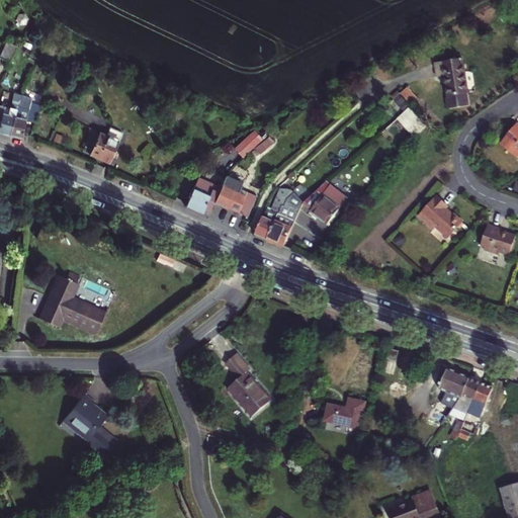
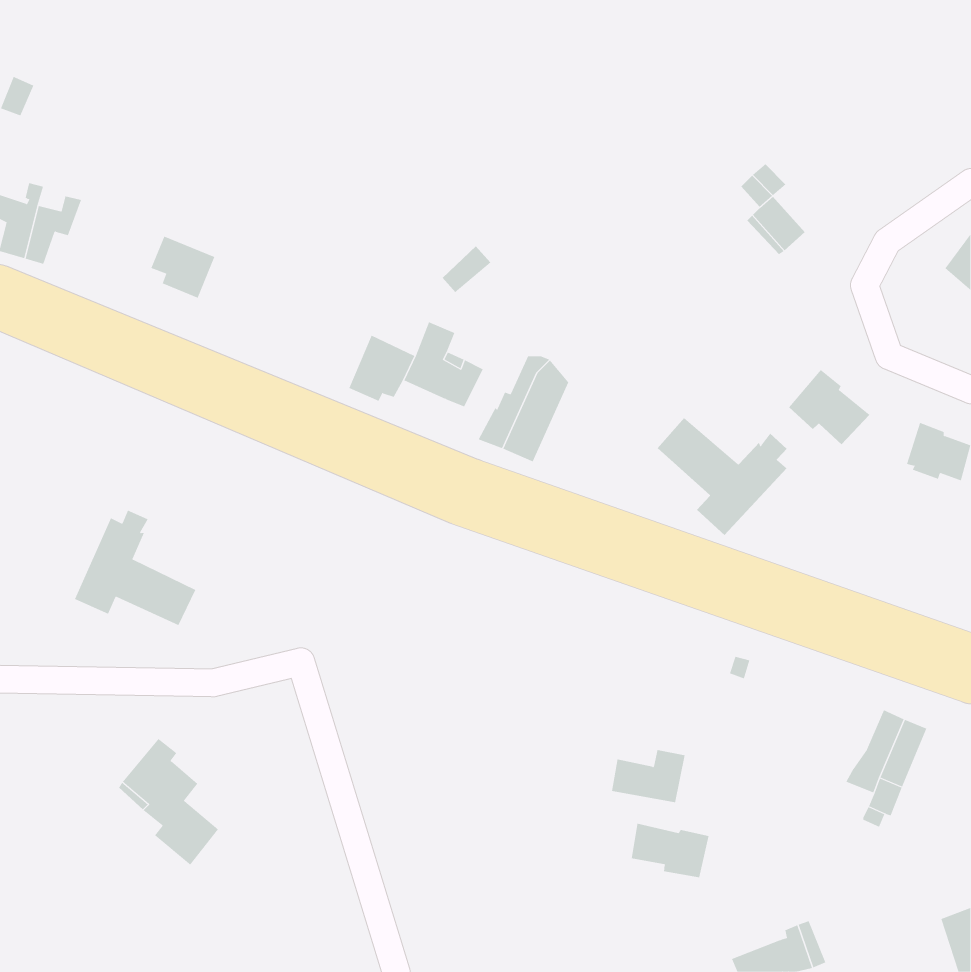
building: [435,59,468,108] -> none
building: [303,183,346,225] -> none
building: none -> [657,417,788,536]
building: [221,352,270,414] -> none
building: [438,368,469,409] -> none
building: none -> [631,823,709,878]

